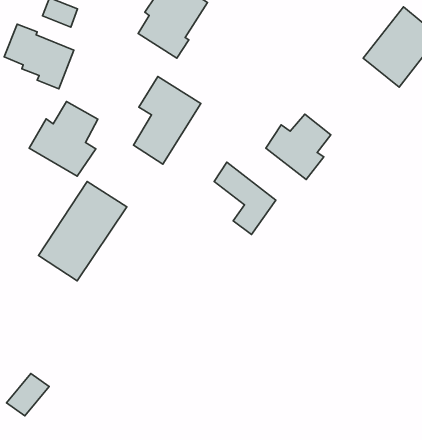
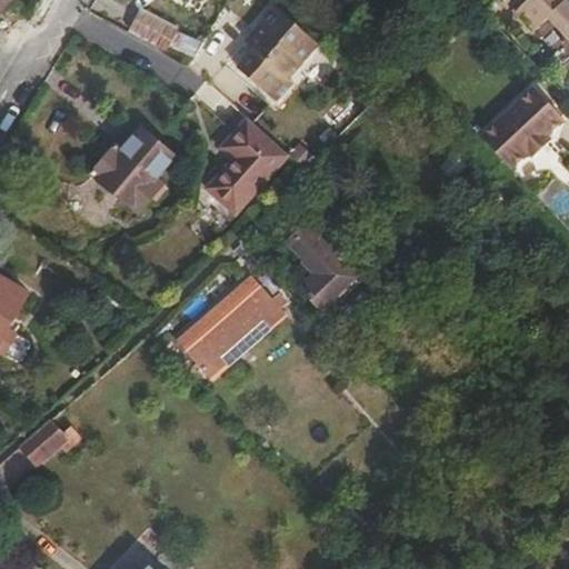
building: [4,24,74,89] -> none
building: [266,114,331,180] -> none
building: [38,181,127,281] -> [179,269,286,377]

